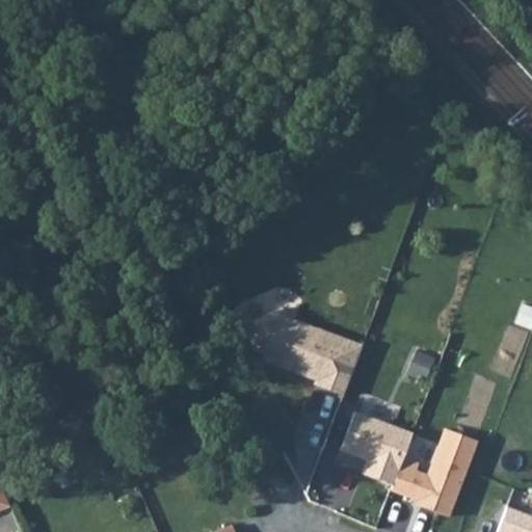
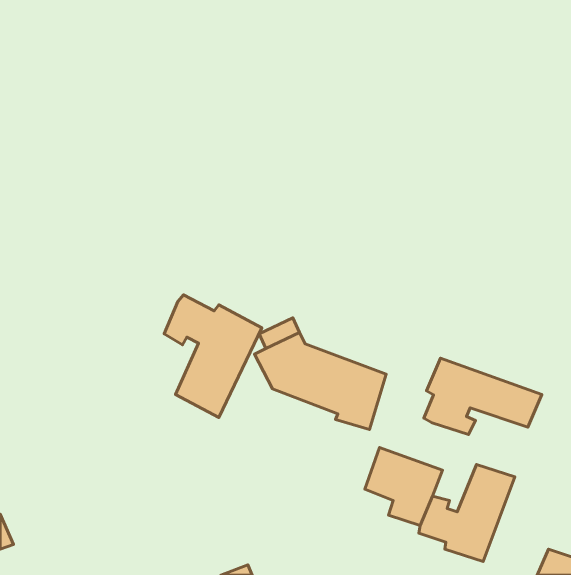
building: none -> [164,295,262,418]
building: none -> [424,358,542,434]

